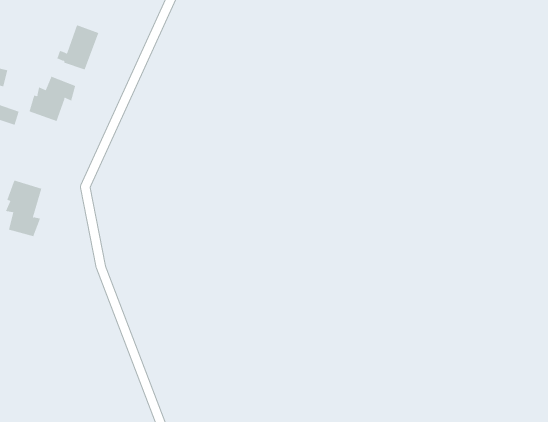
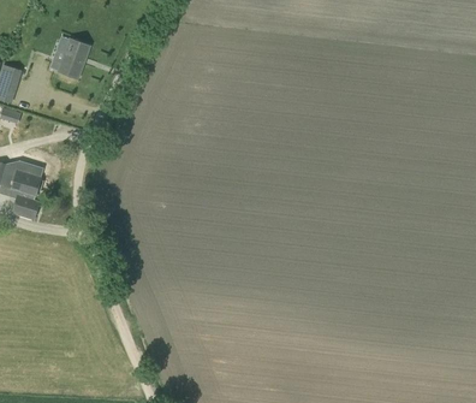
building: [29,76,76,122] -> none

